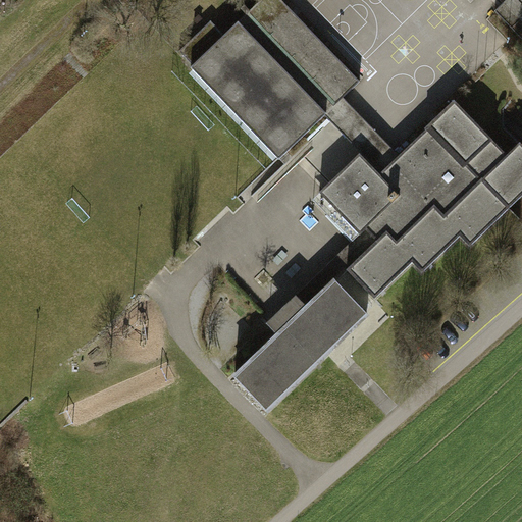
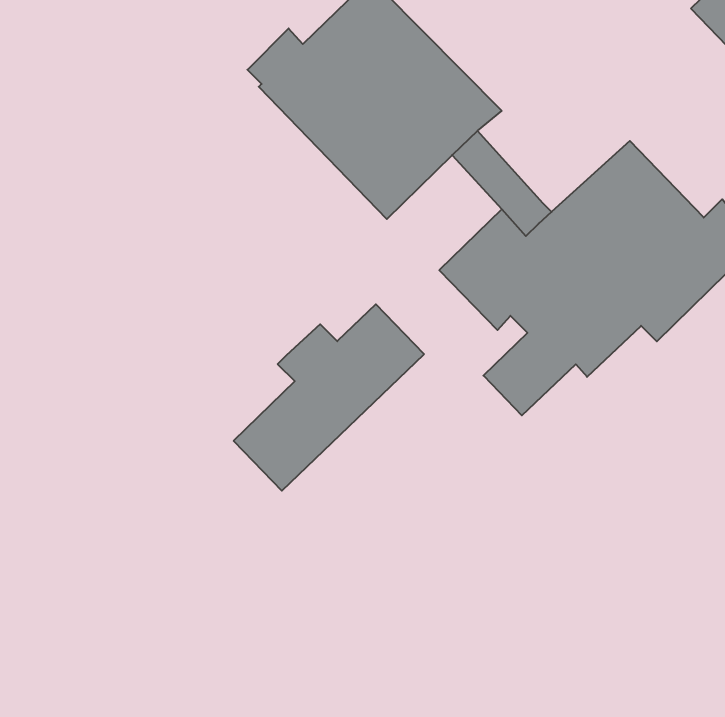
building: [232,277,369,411] -> [234,304,424,491]

